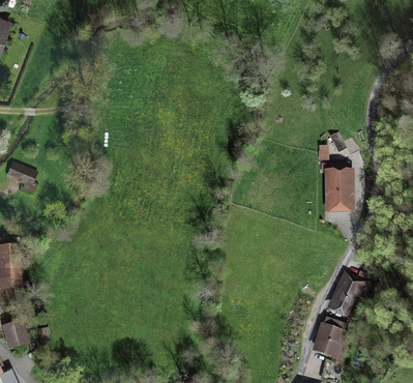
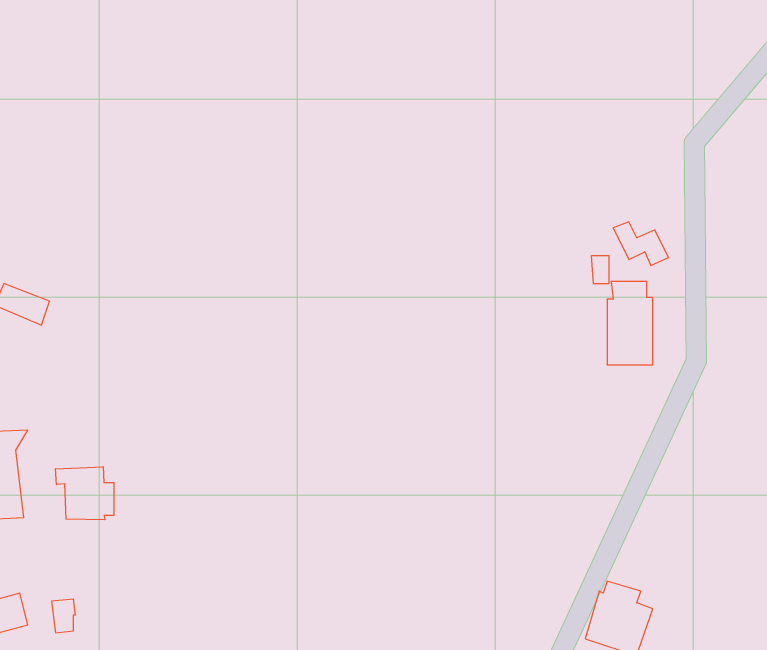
building: none -> [56,467,114,520]
building: [331,272,375,313] -> none

